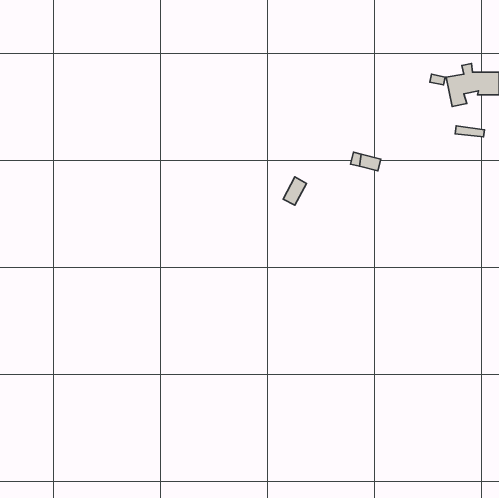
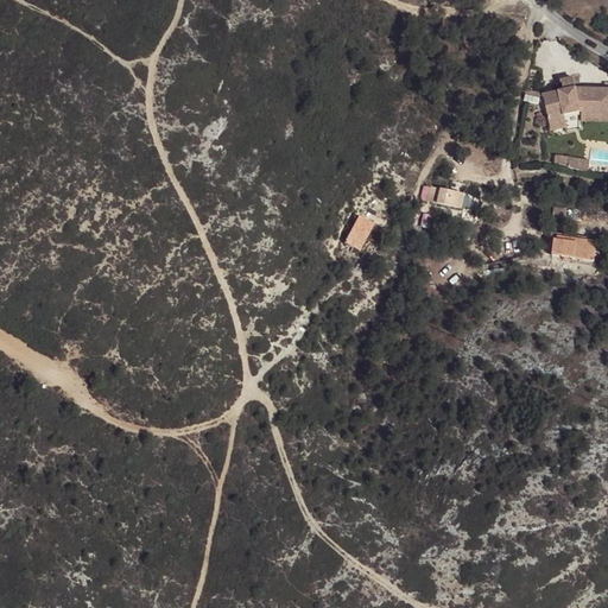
building: none -> [551,232,601,260]

